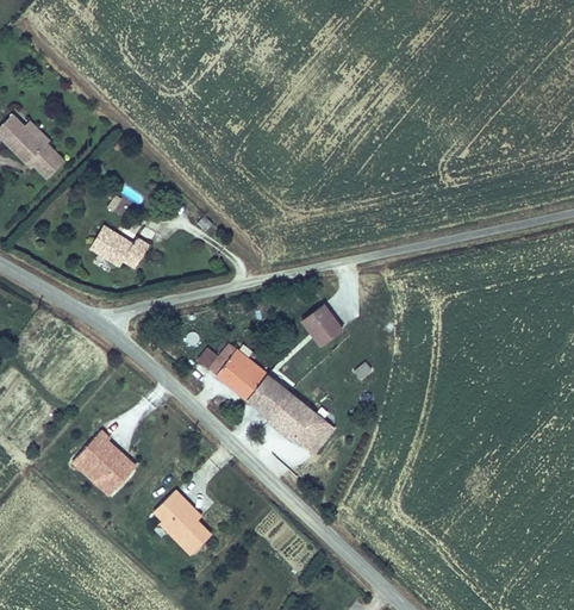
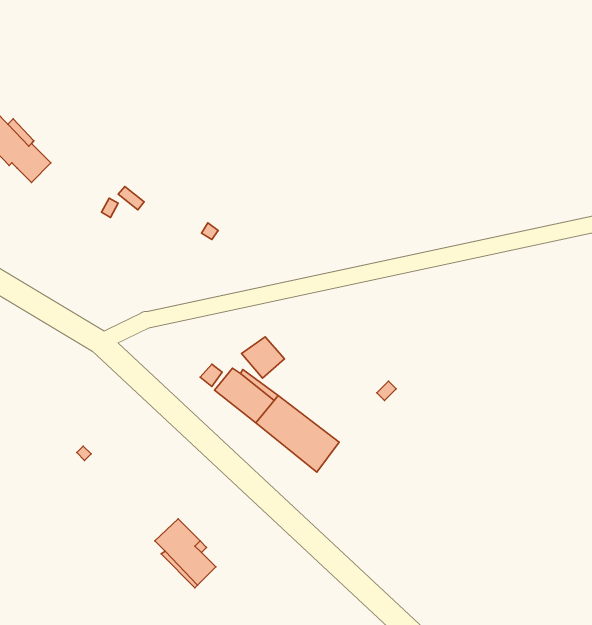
building: [88,223,148,264] -> none
building: [299,304,338,342] -> [242,337,284,378]
building: [73,429,138,496] -> none

